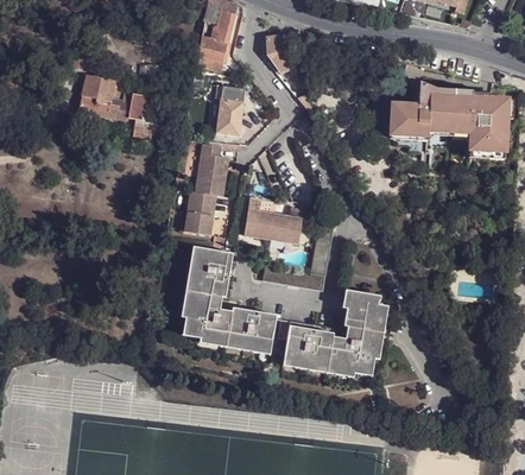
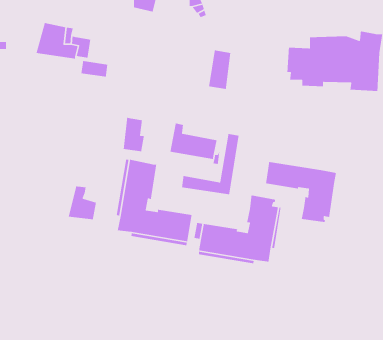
building: [216,86,245,135] -> [208,50,231,90]
building: [196,144,224,196] -> none
building: none -> [265,161,337,223]
building: none -> [68,185,97,220]

